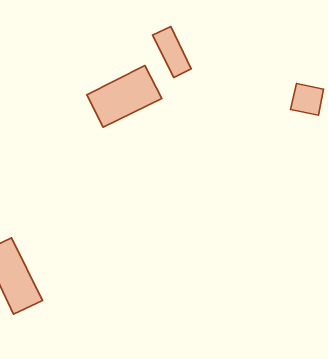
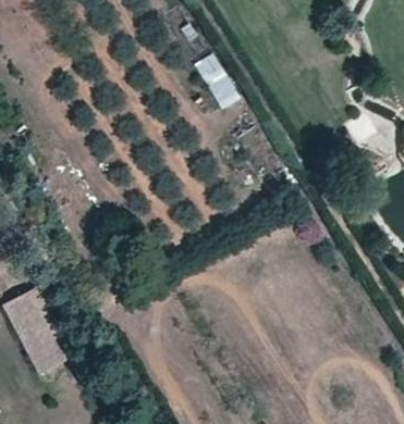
building: [87,65,162,127] -> none

